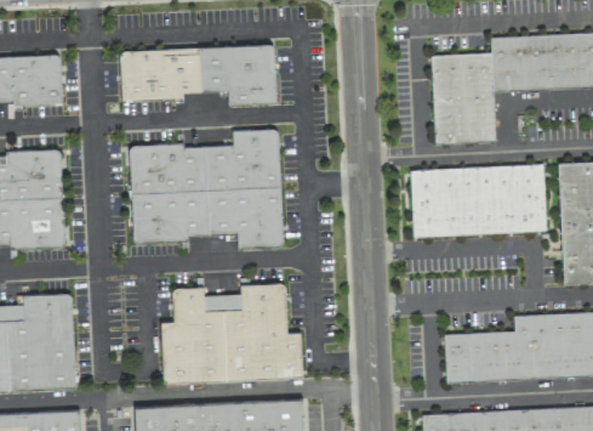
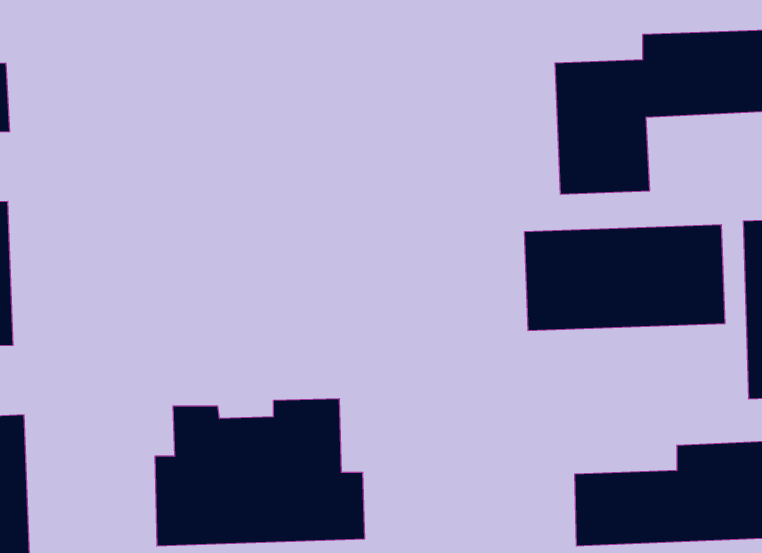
building: [120,45,276,104] -> none
building: [130,129,283,249] -> none

